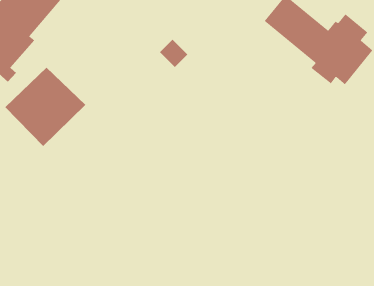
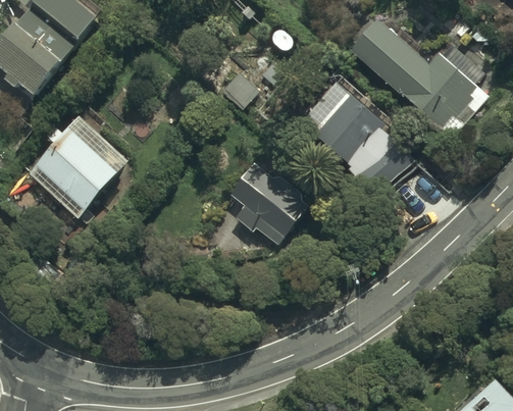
building: none -> [296,79,386,174]
building: none -> [232,168,305,246]

